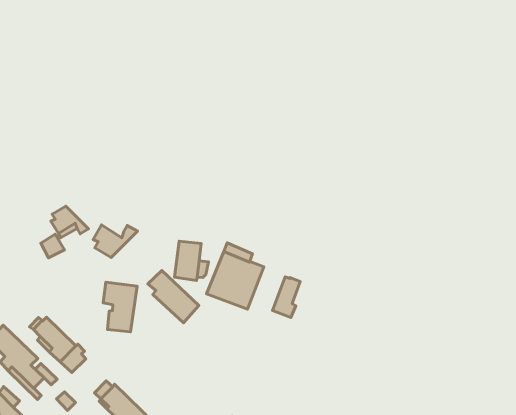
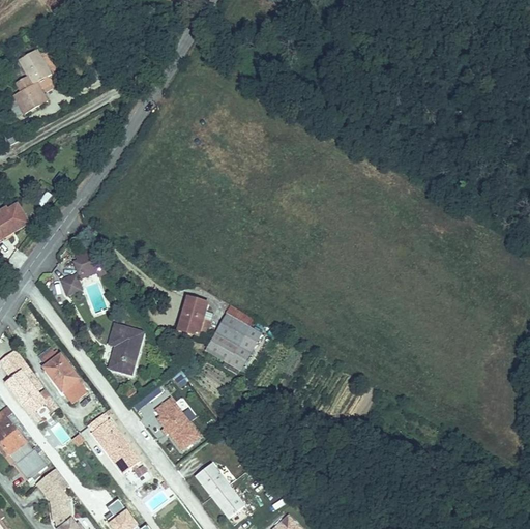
building: [93,225,137,257] -> none
building: [148,270,199,323] -> [155,398,199,448]
building: [272,277,300,317] -> none

